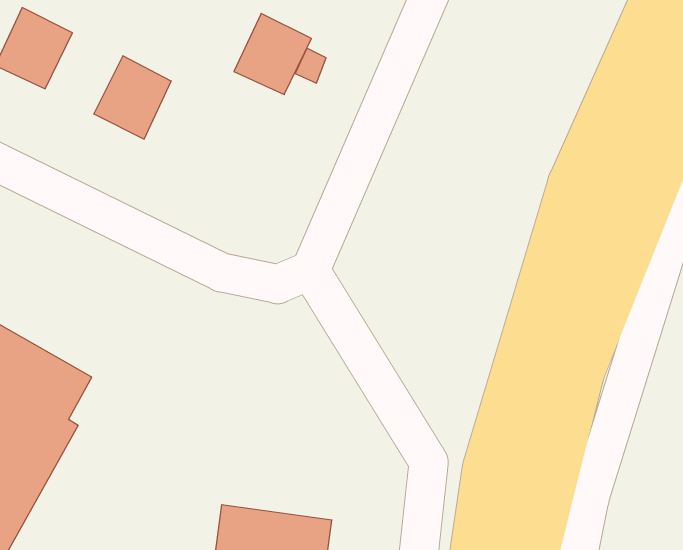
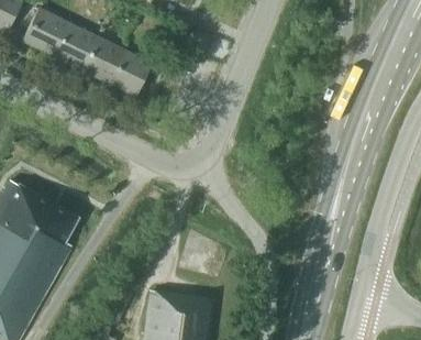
building: [234,13,311,95] -> [107,48,151,95]
building: none -> [51,21,95,67]

